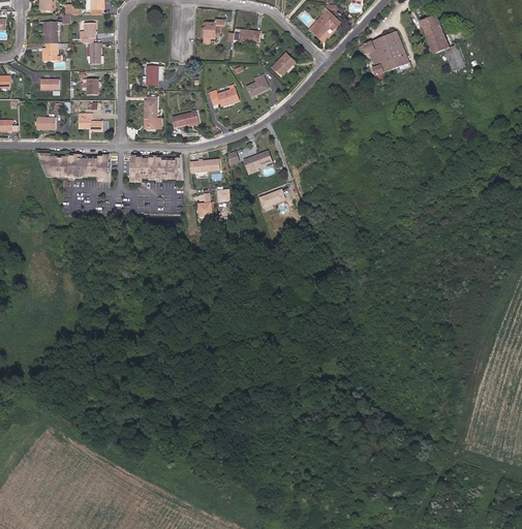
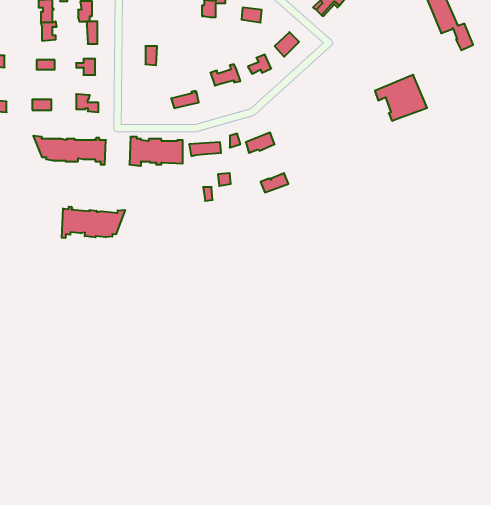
building: [359,30,409,74] -> [375,75,427,121]
building: [145,96,161,128] -> none
building: none -> [62,207,125,238]

